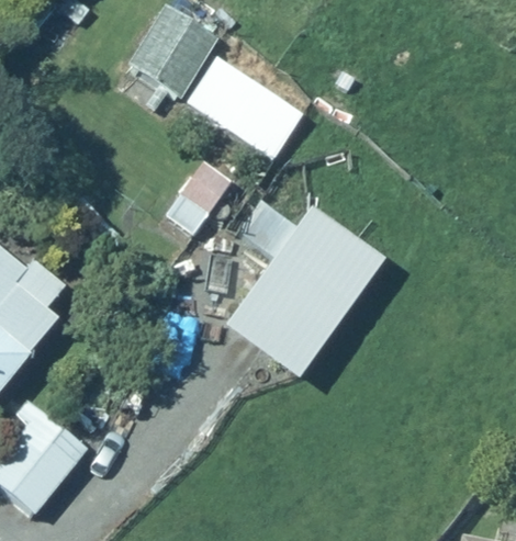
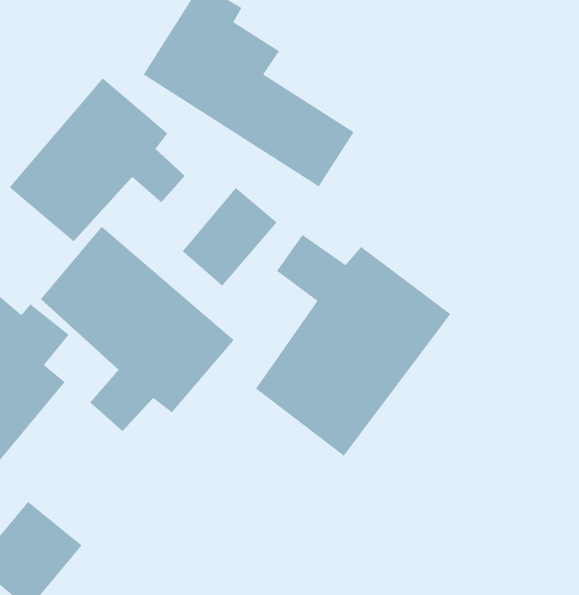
building: none -> [9,77,185,242]
building: none -> [40,226,235,432]

